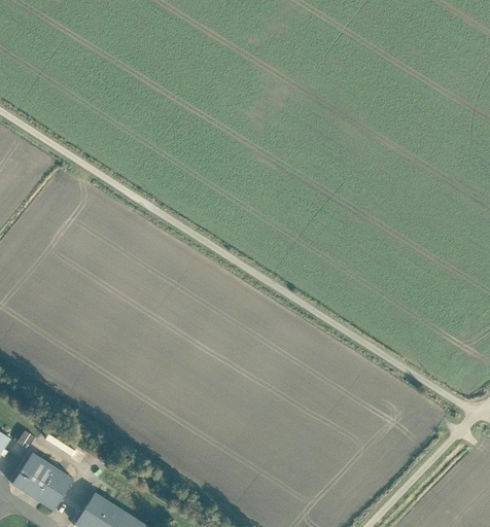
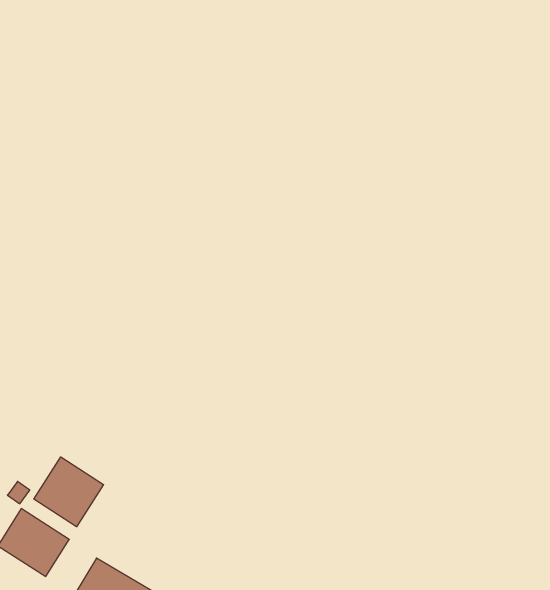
building: none -> [34,457,104,527]

